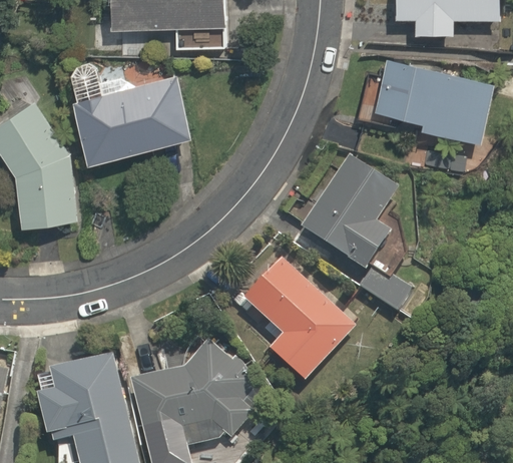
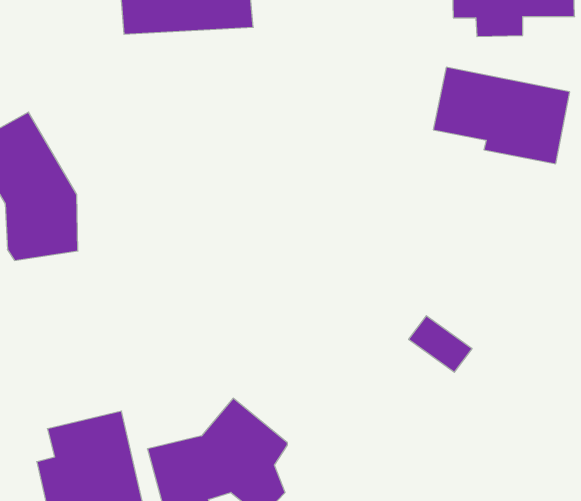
building: [79,75,191,156] -> none
building: [304,159,396,272] -> none
building: [237,255,357,385] -> none

